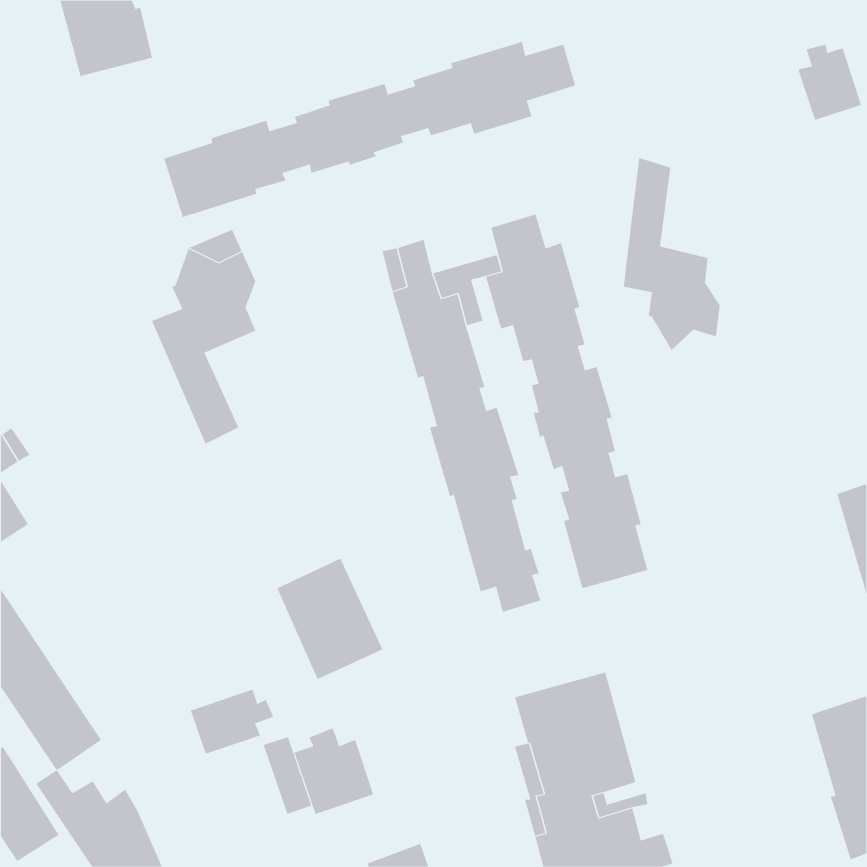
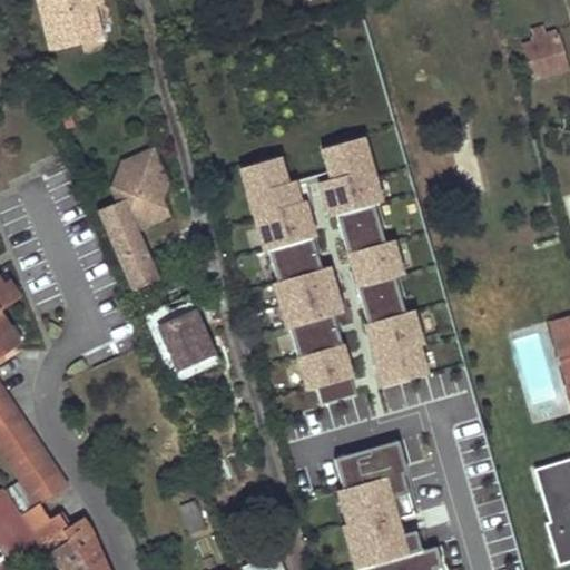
building: [164,41,576,218] -> none
building: [623,157,720,351] -> none
building: [276,558,383,680] -> [146,301,216,381]
building: [190,689,274,754] -> none
building: [294,727,374,815] -> none

